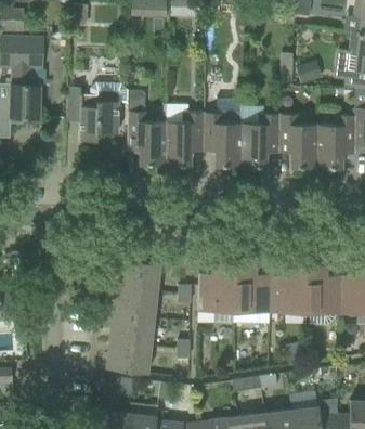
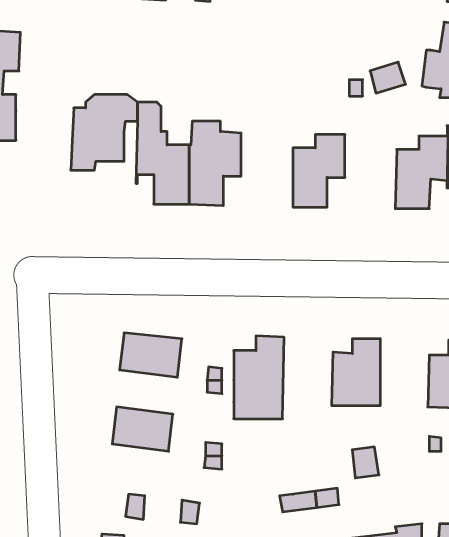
building: [204,99,242,168] -> none
building: [279,115,317,169] -> none
building: [234,263,271,323] -> none
building: [305,264,341,325] -> none
building: [113,287,157,320] -> none
building: [106,341,151,374] -> none

